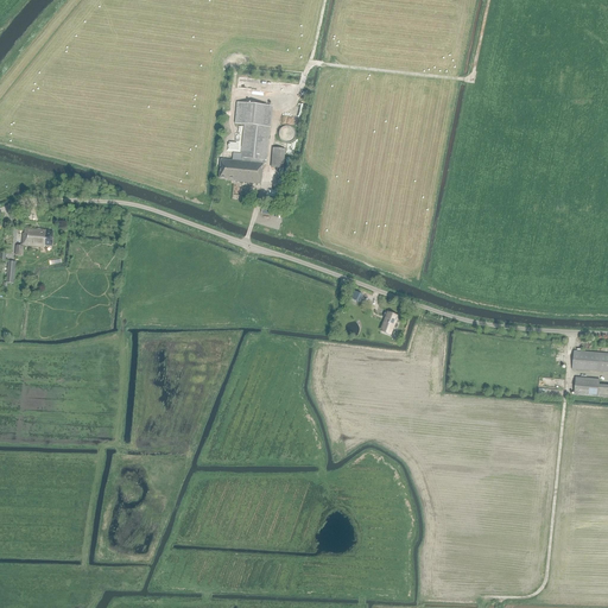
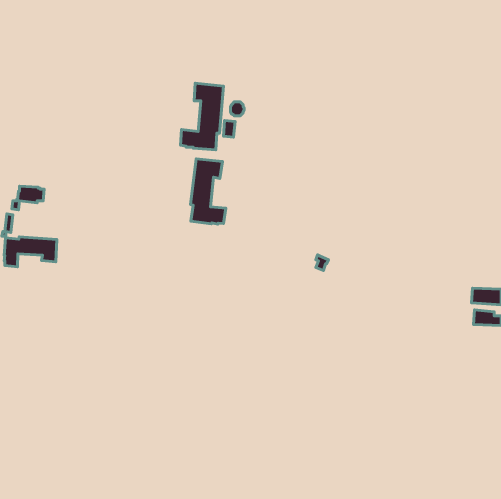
building: none -> [191,159,226,224]
building: none -> [4,237,57,267]

